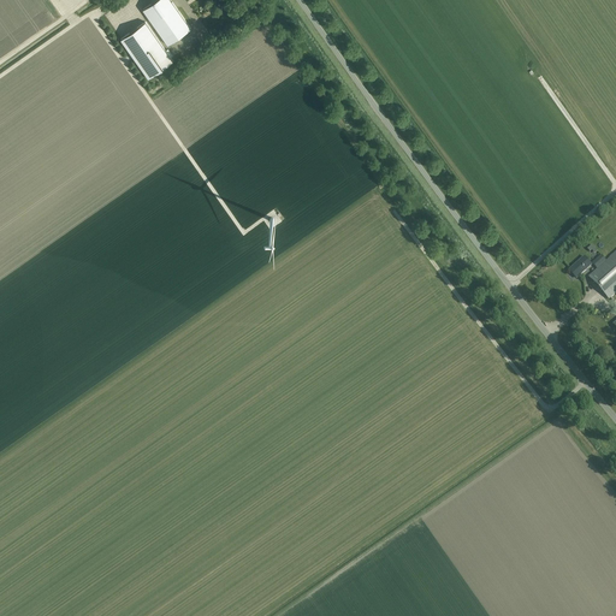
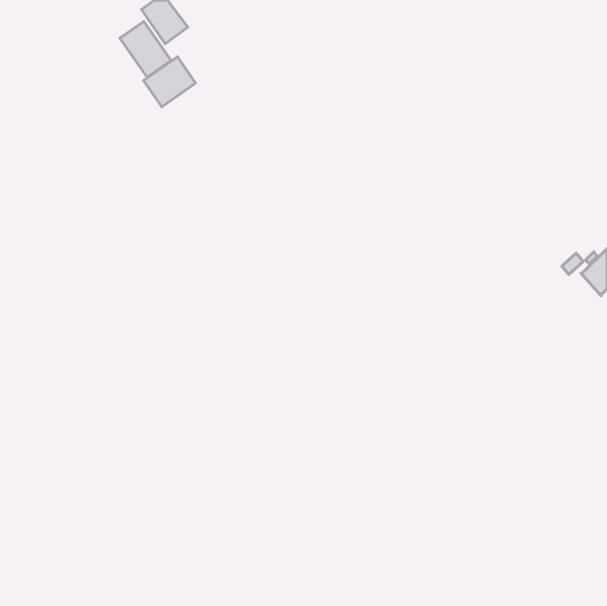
building: none -> [144,57,196,107]

